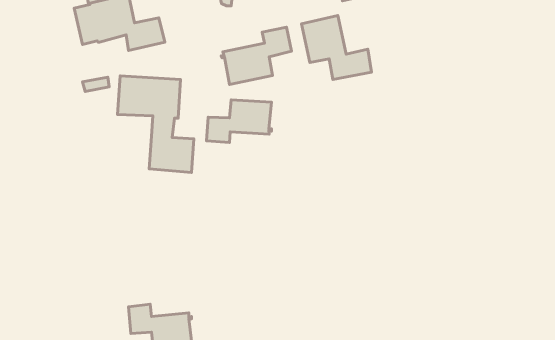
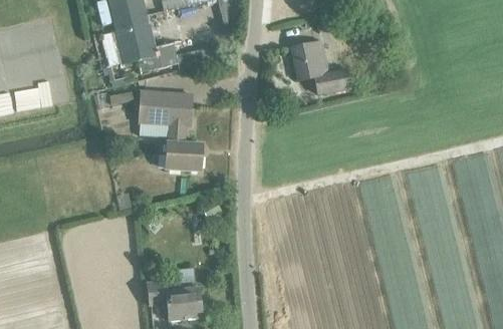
building: [221,27,292,85] -> none
building: [207,100,272,142] -> none

